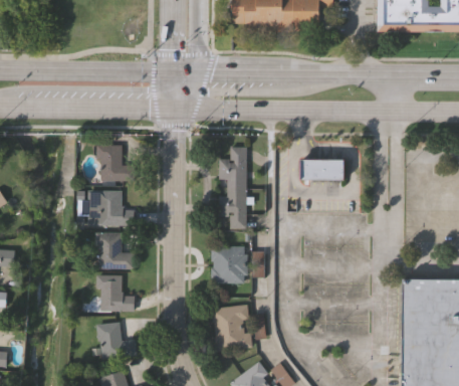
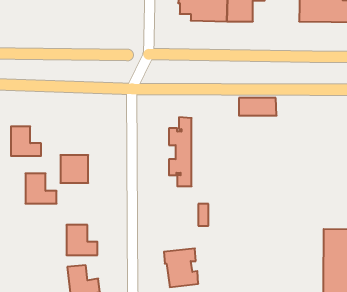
building: [98,145,135,180] -> [11,126,41,156]
building: [298,158,343,179] -> [239,98,277,116]
building: [96,232,134,268] -> [25,173,57,204]
building: [213,243,249,281] -> none

